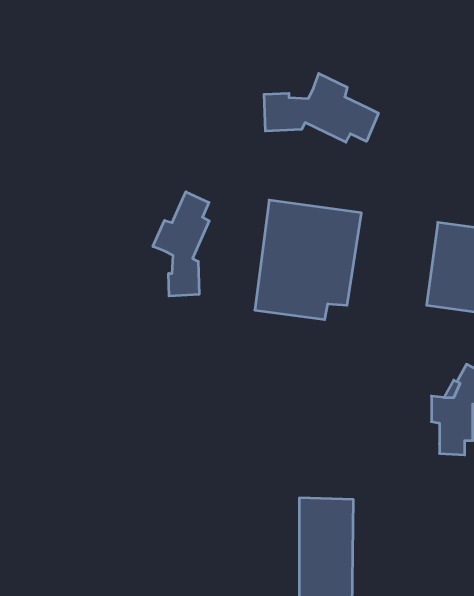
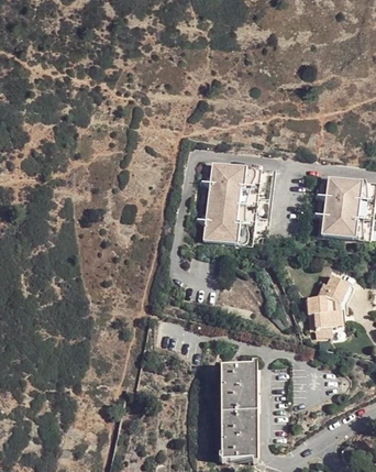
building: [264,73,378,142] -> none
building: [153,192,209,296] -> none

